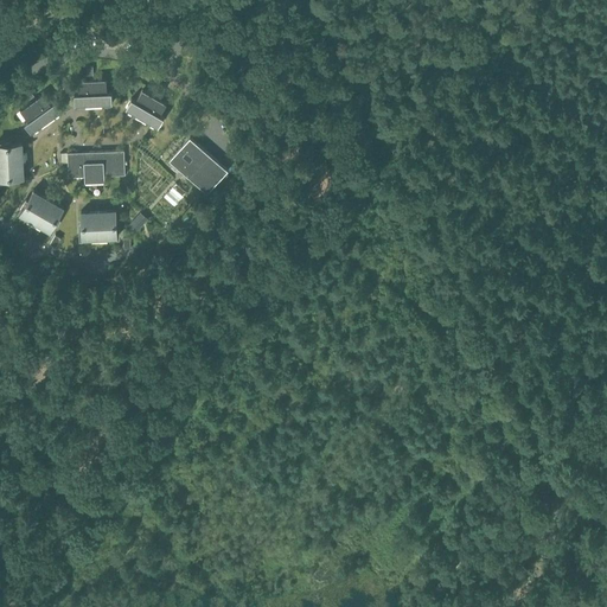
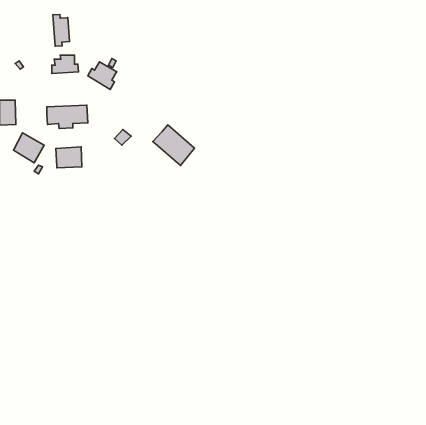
building: none -> [53,15,69,46]
building: [19,98,60,134] -> none
building: [167,139,226,197] -> [153,125,195,166]

